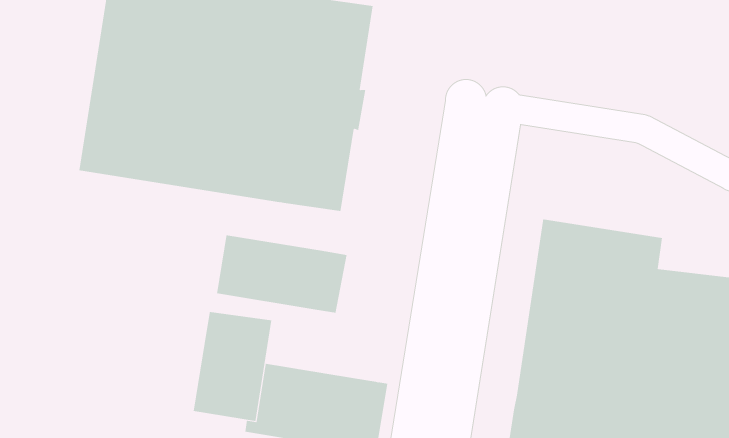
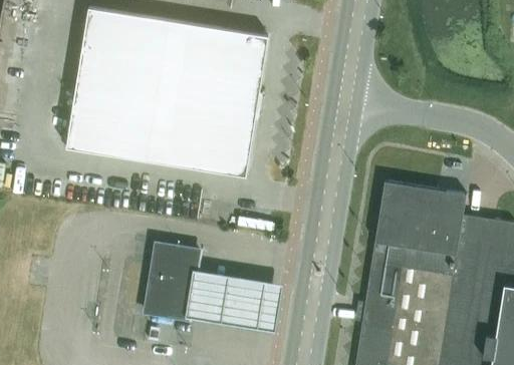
building: [217,234,347,313] -> none

